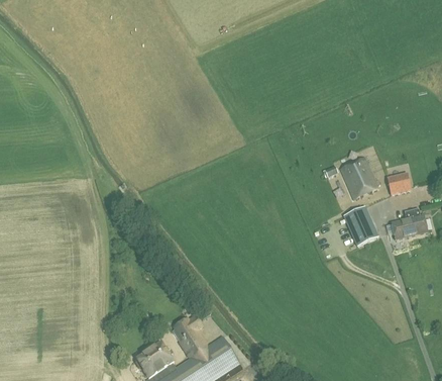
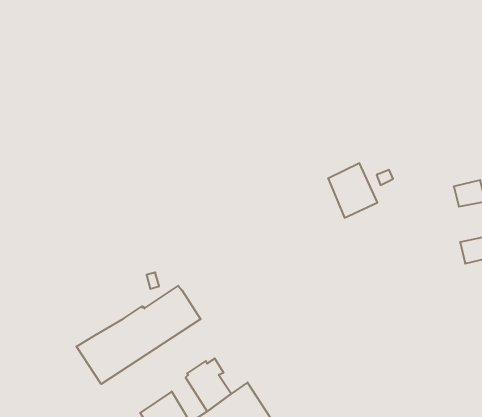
building: [340,157,379,200] -> [328,163,377,218]
building: [344,205,379,246] -> none
building: none -> [76,286,201,384]

